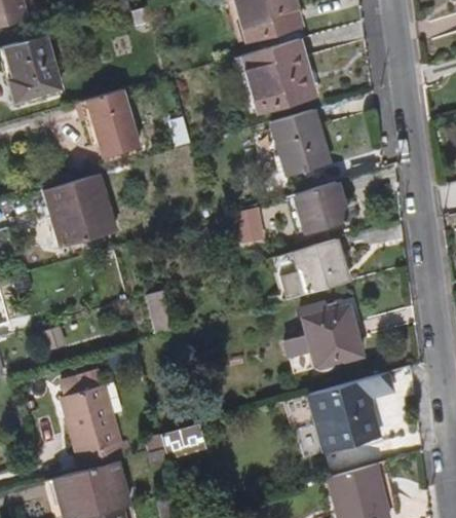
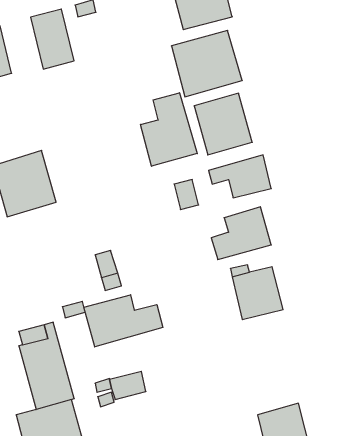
building: [81,91,130,159] -> [31,9,74,69]
building: none -> [141,93,197,166]
building: none -> [84,295,163,347]
building: [310,373,394,454] -> none

